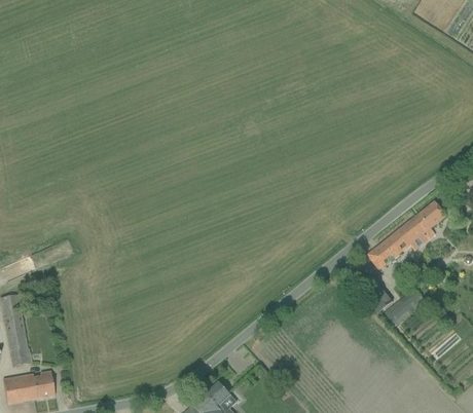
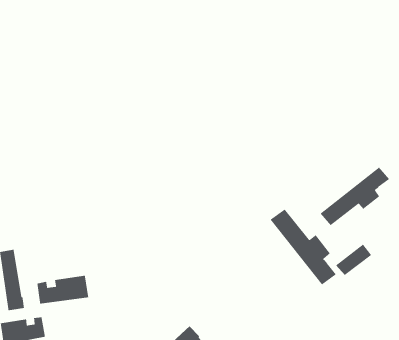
building: none -> [270,208,337,286]
building: none -> [37,275,89,304]

